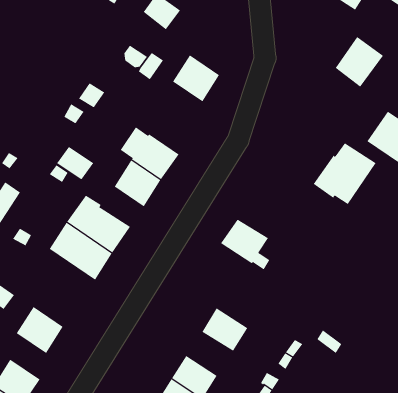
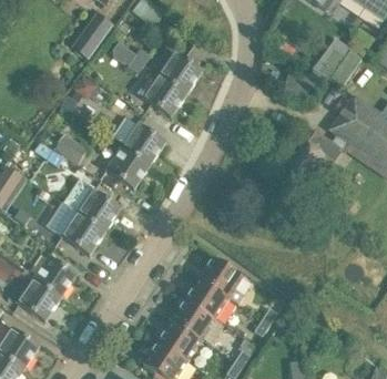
building: none -> [71,11,114,58]
building: none -> [142,74,186,116]
building: [220,219,270,270] -> [198,257,244,304]
building: none -> [32,255,77,297]
building: none -> [171,301,214,341]

